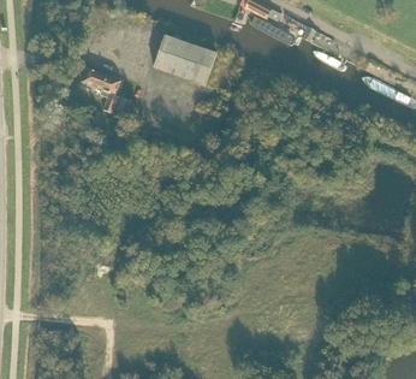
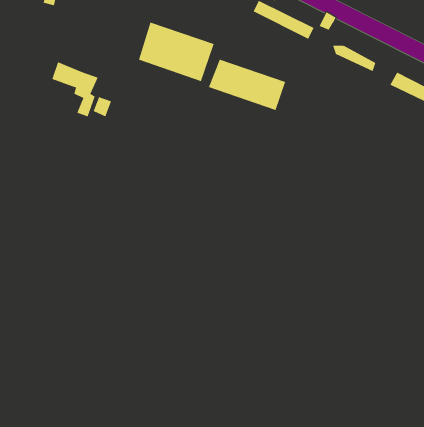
building: none -> [208,59,286,111]

